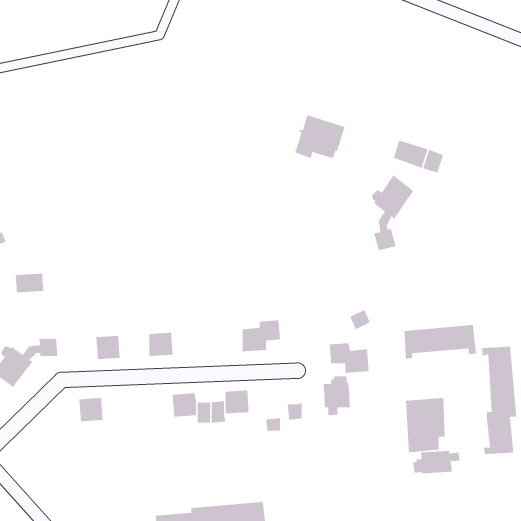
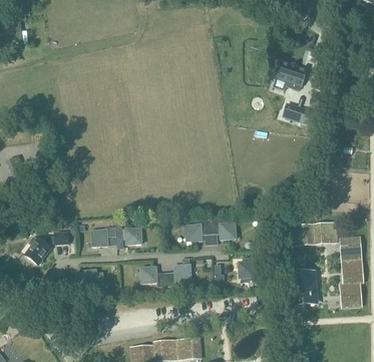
building: [294,114,346,159] -> [273,61,306,90]
building: [371,174,414,251] -> none
building: [329,342,369,373] -> [210,219,236,239]
building: [412,450,461,474] -> none

